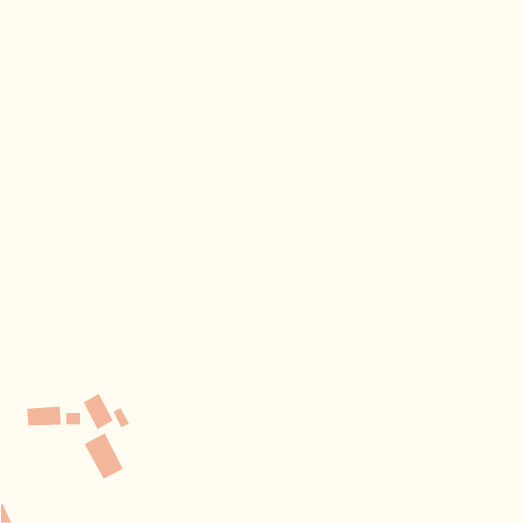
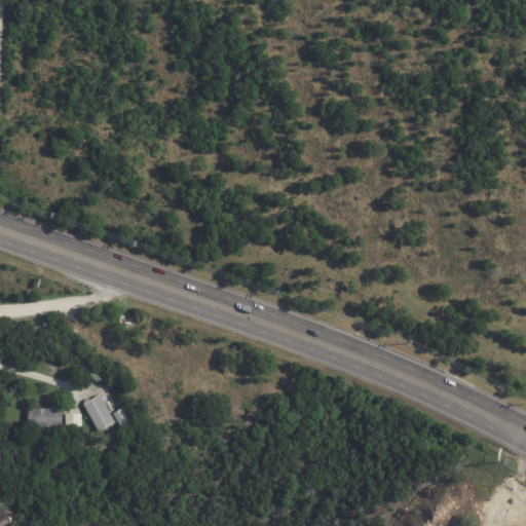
building: [84,433,124,480] -> none

